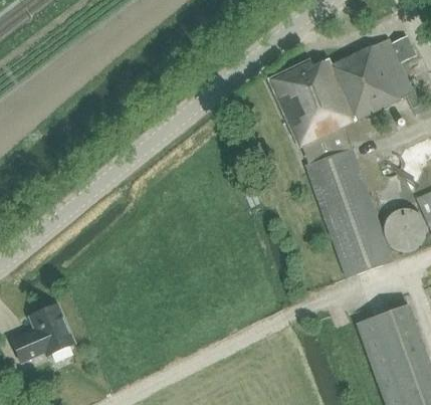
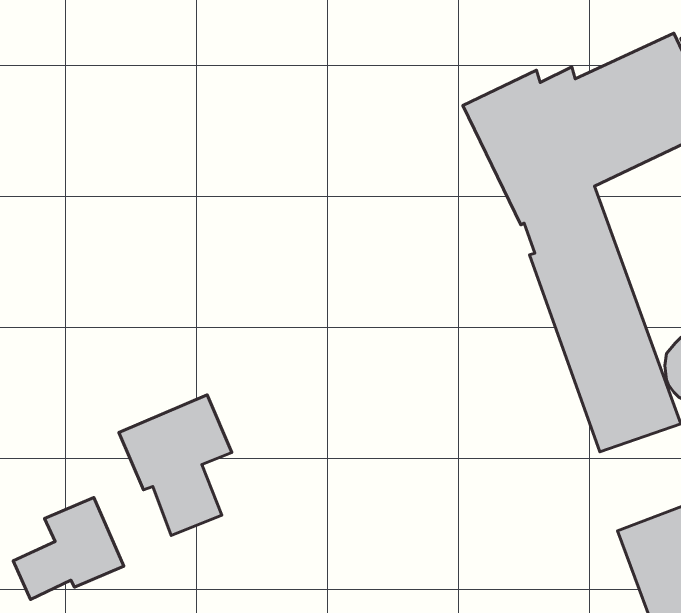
building: none -> [119,395,232,536]

